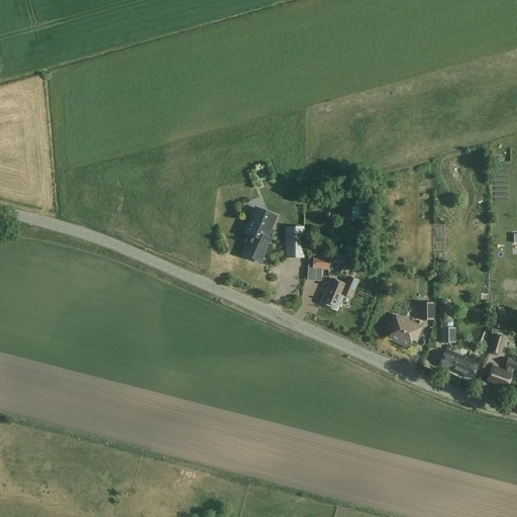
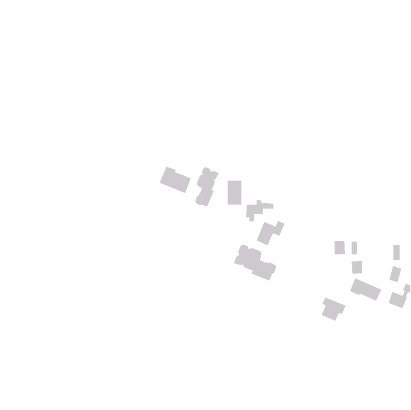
building: none -> [159,166,191,194]
building: none -> [233,244,277,282]
building: [390,314,422,345] -> [321,297,346,322]

